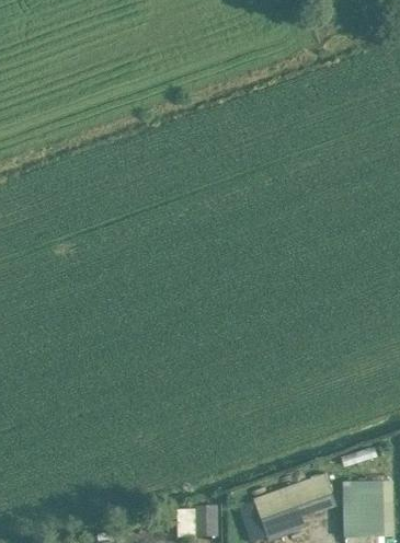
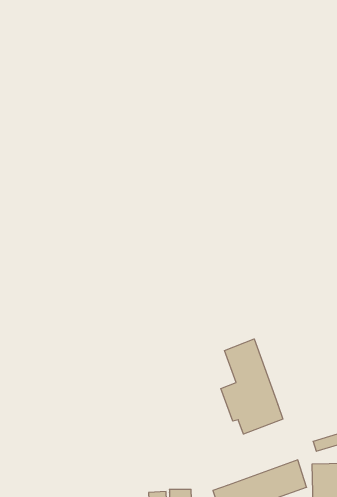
building: none -> [221,339,283,434]

